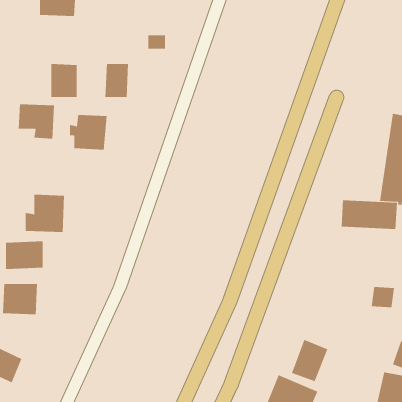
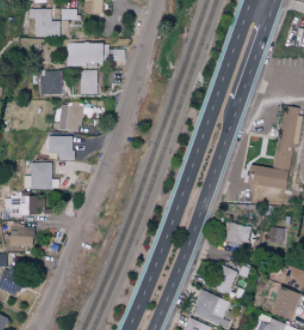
building: none -> [68,42,102,65]
building: [18,104,55,139] -> [48,135,74,160]
building: none -> [227,222,252,246]

